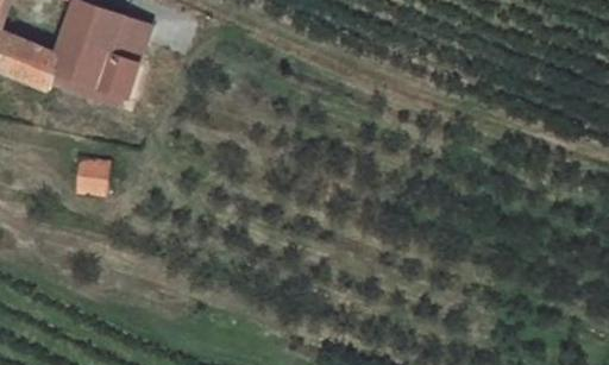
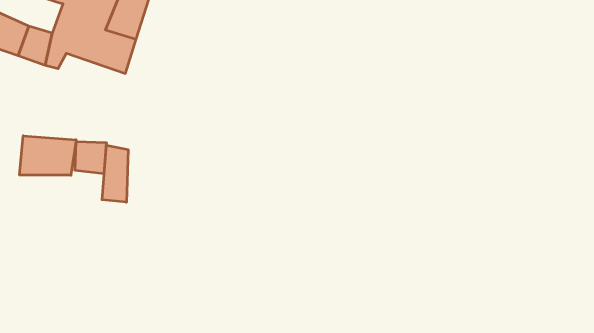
building: none -> [20,136,76,175]
building: none -> [102,145,128,202]

